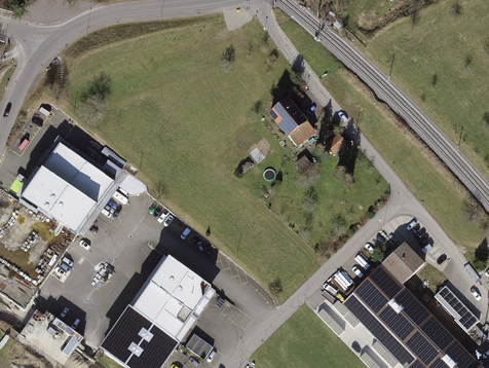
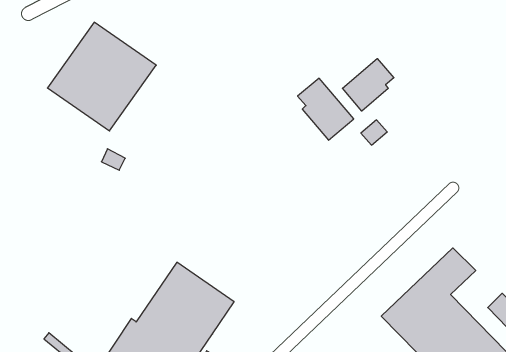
building: none -> [342,59,394,111]
building: [18,145,112,238] -> [47,22,156,131]

